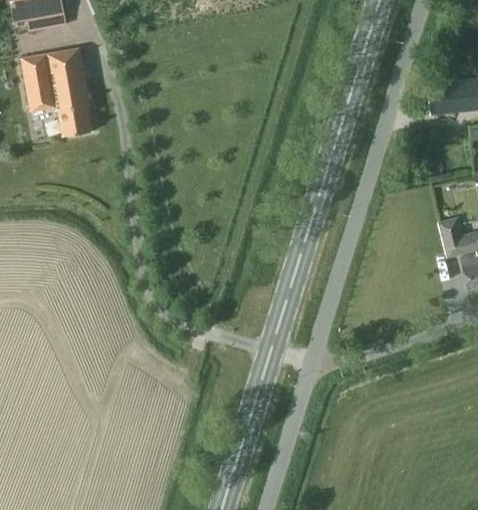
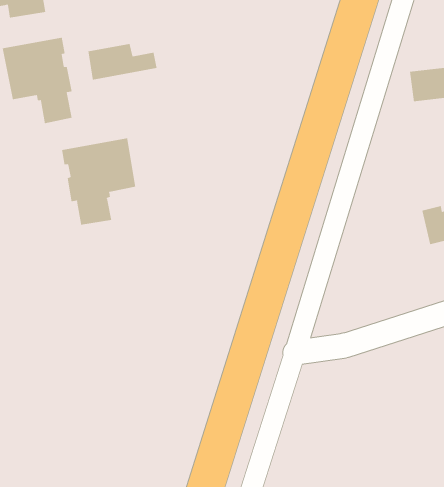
building: none -> [88,43,157,81]
building: none -> [62,137,136,226]

